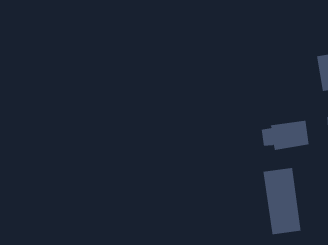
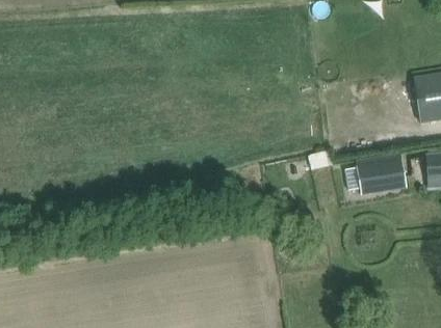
building: [263,167,301,235] -> none

